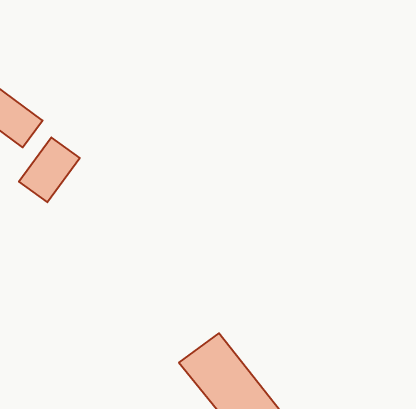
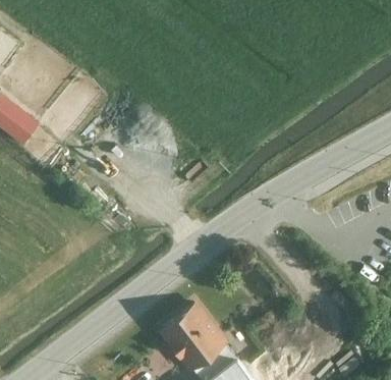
building: [19,137,80,202] -> none

